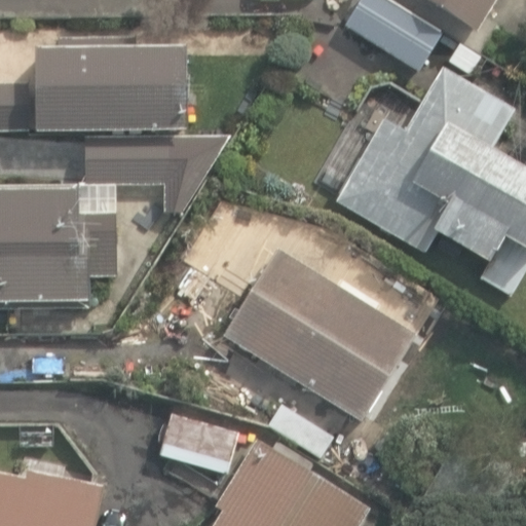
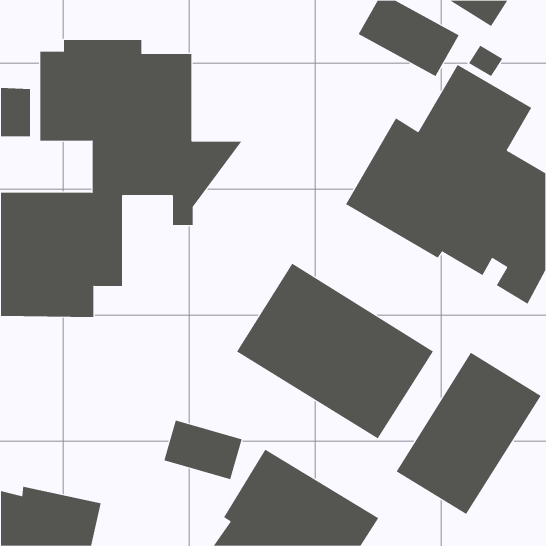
building: none -> [396,352,541,515]

